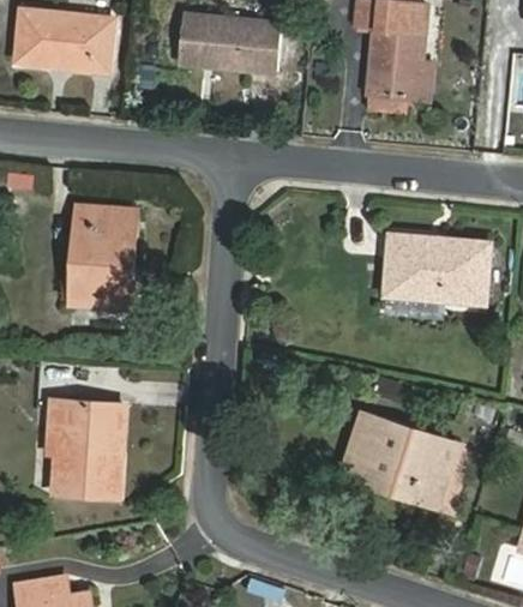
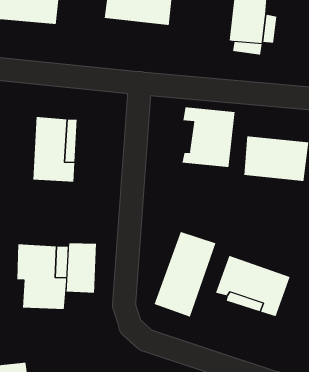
building: none -> [182,106,235,168]
building: none -> [154,231,216,318]
building: none -> [66,242,96,294]

